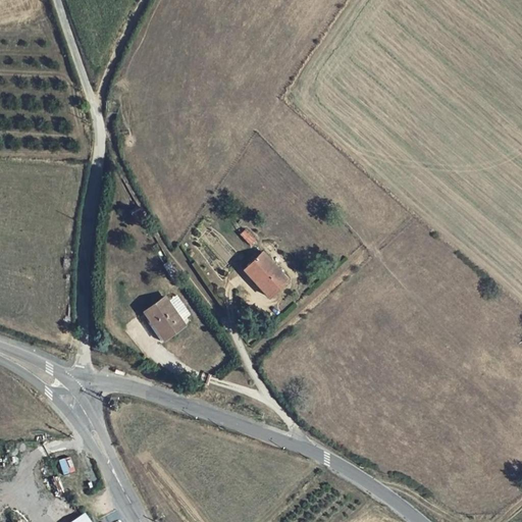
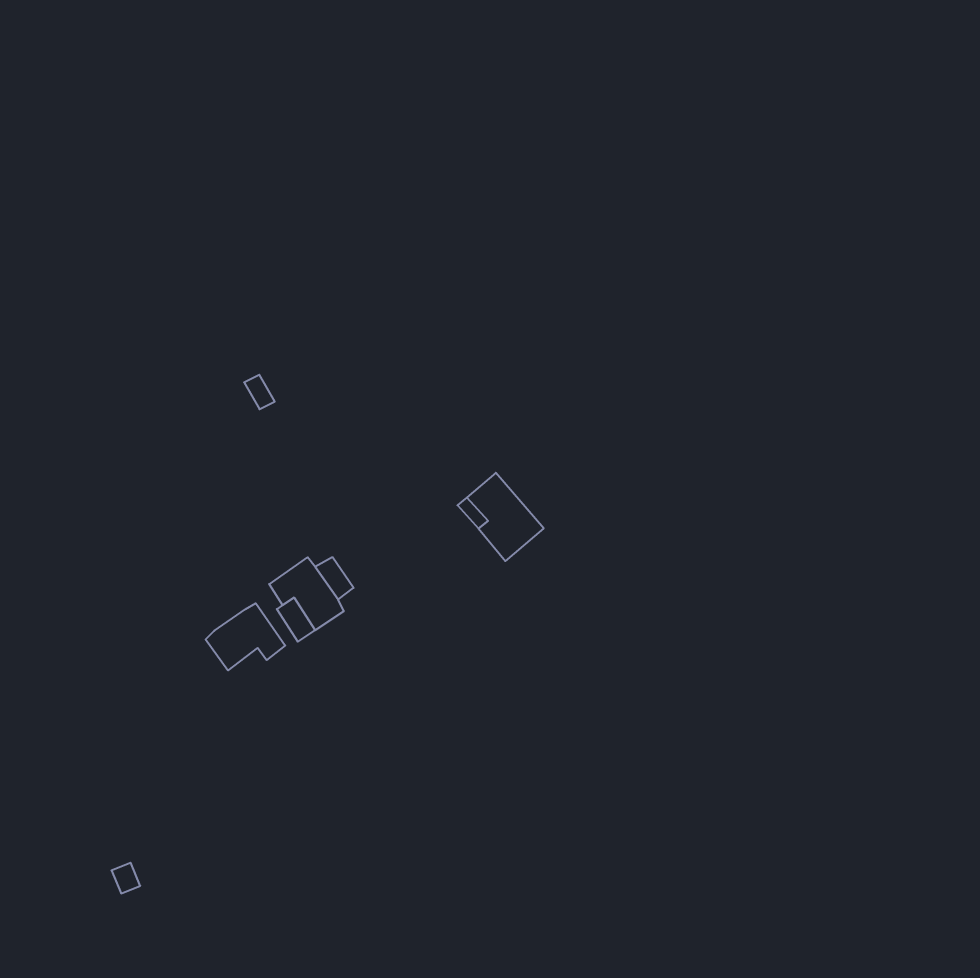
building: none -> [206,603,285,670]

